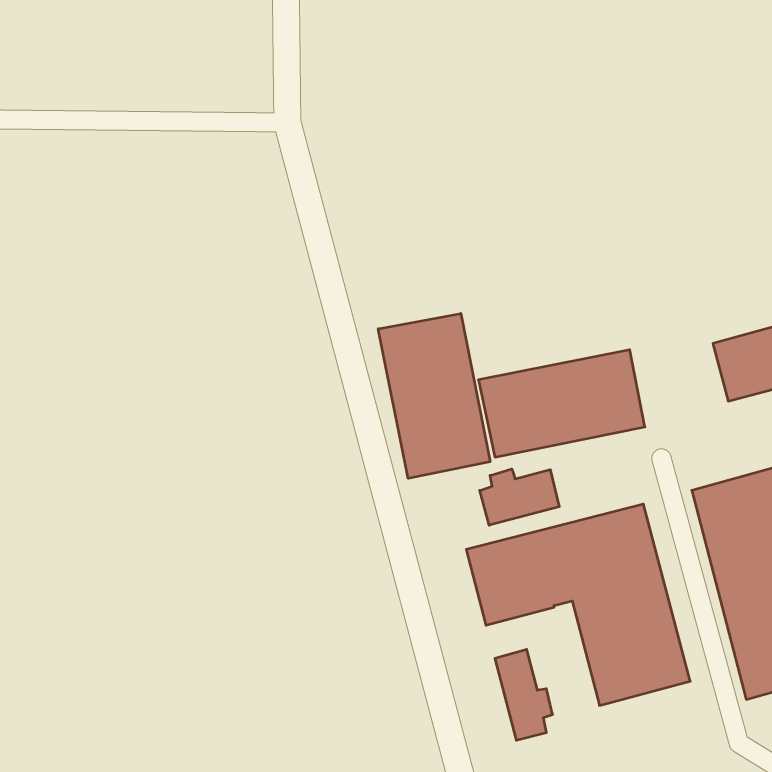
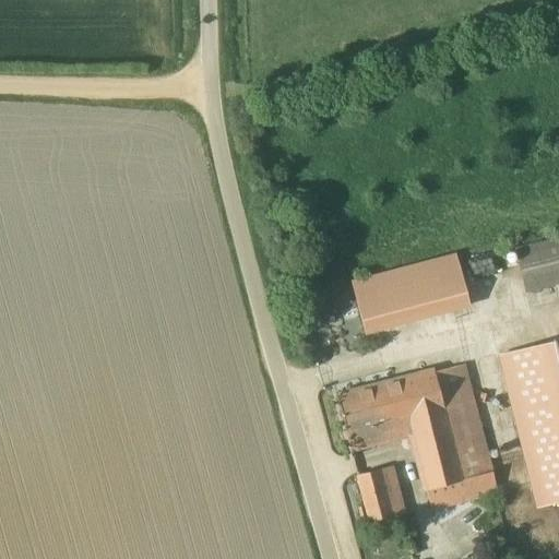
building: [378,313,490,478] -> none
building: [480,469,559,525] -> none

